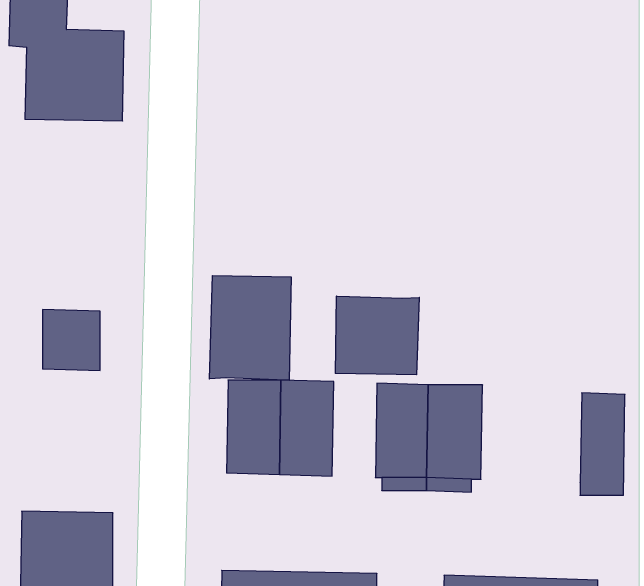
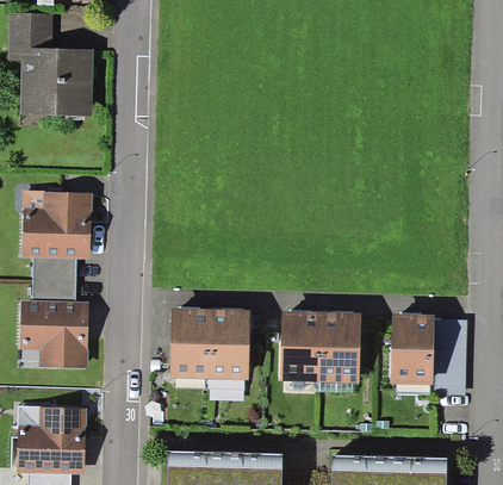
building: none -> [21,191,91,257]
building: [209,276,291,380] -> none
building: [335,296,419,375] -> none
building: none -> [19,299,88,367]
building: none -> [391,313,434,385]

